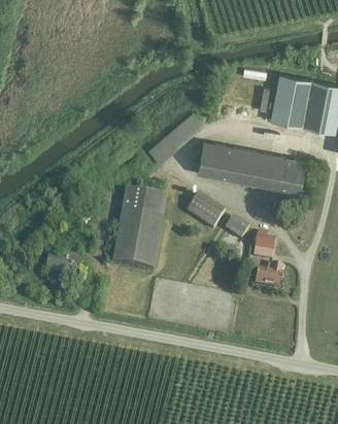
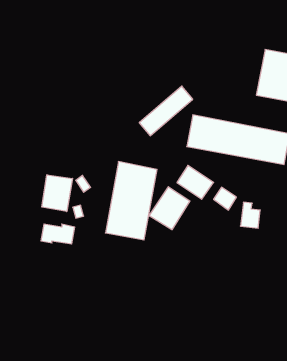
building: none -> [42,175,73,212]
building: none -> [149,187,190,230]
building: [256,266,284,289] -> none

